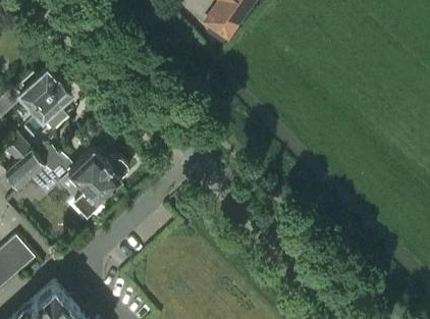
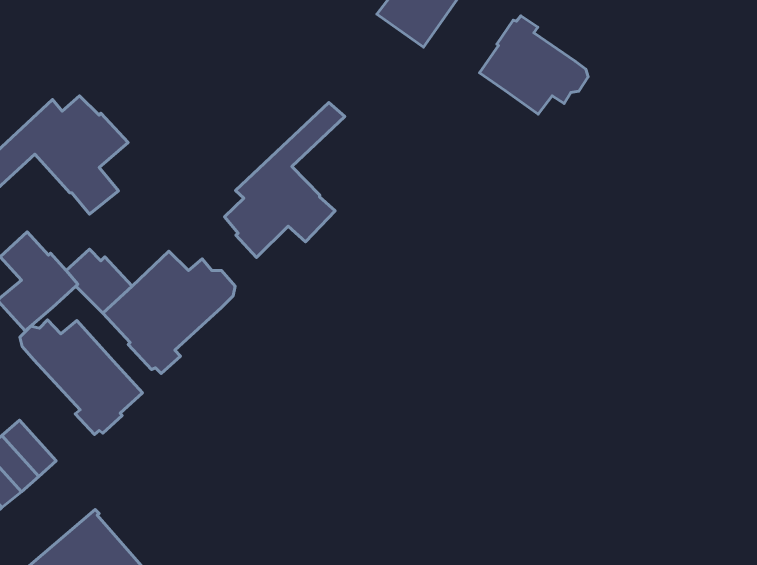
building: none -> [479,16,588,114]
building: none -> [225,102,345,257]
building: none -> [20,320,142,435]

